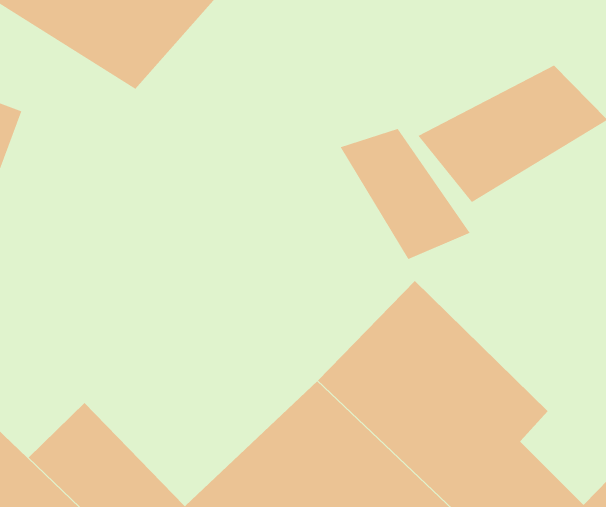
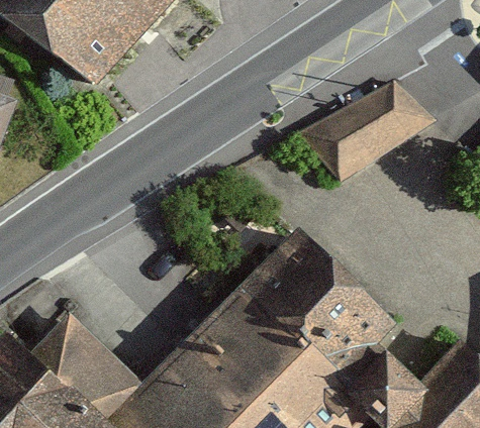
building: [340,128,471,260] -> none

